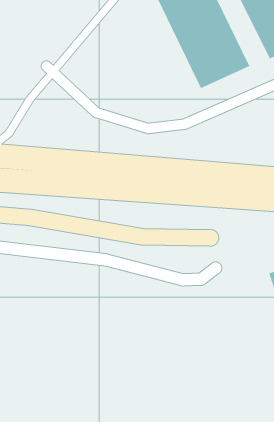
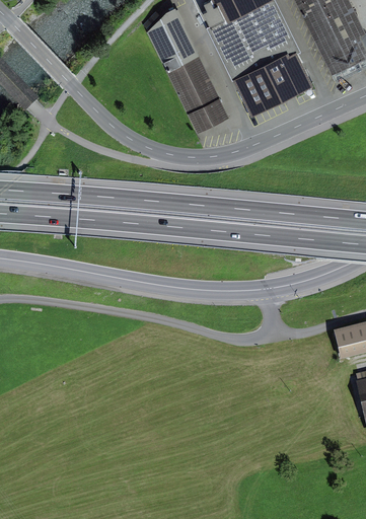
building: none -> [145,6,227,130]

